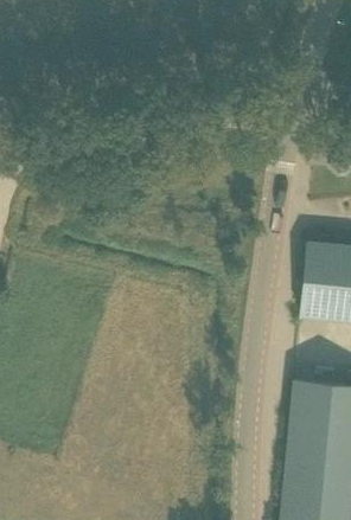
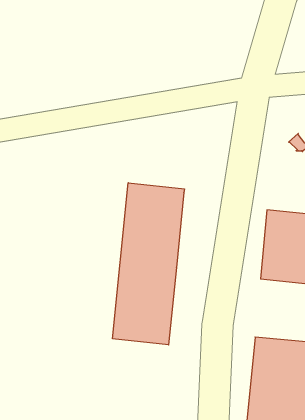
building: none -> [113,183,184,345]

